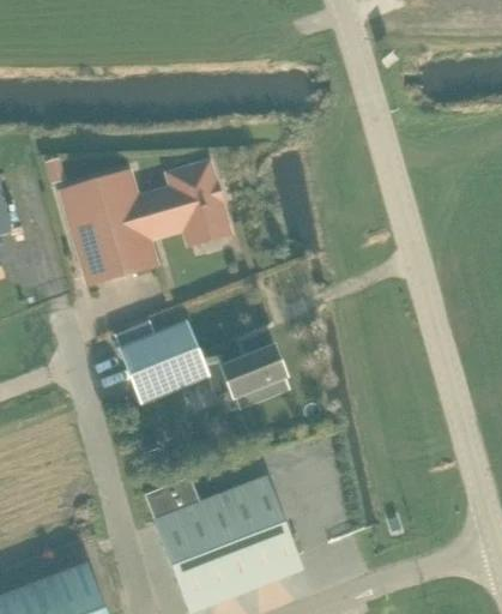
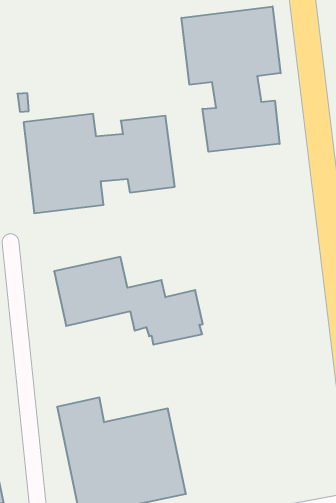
building: none -> [182,6,281,152]

